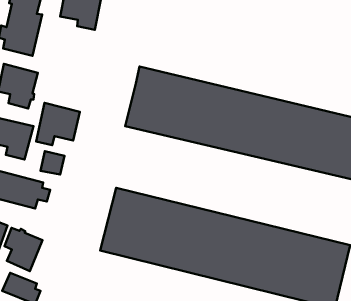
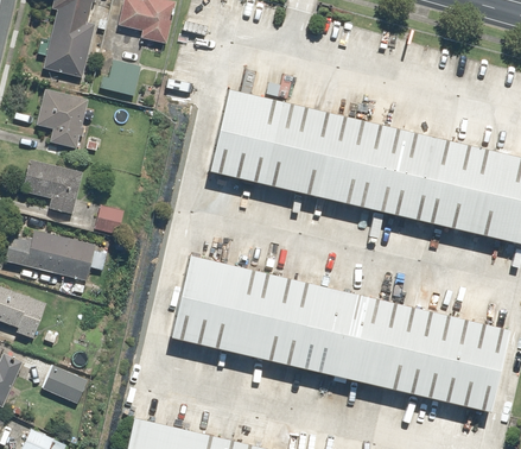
building: none -> [100,58,142,95]
building: [36,103,80,145] -> none
building: [4,228,43,271] -> none

